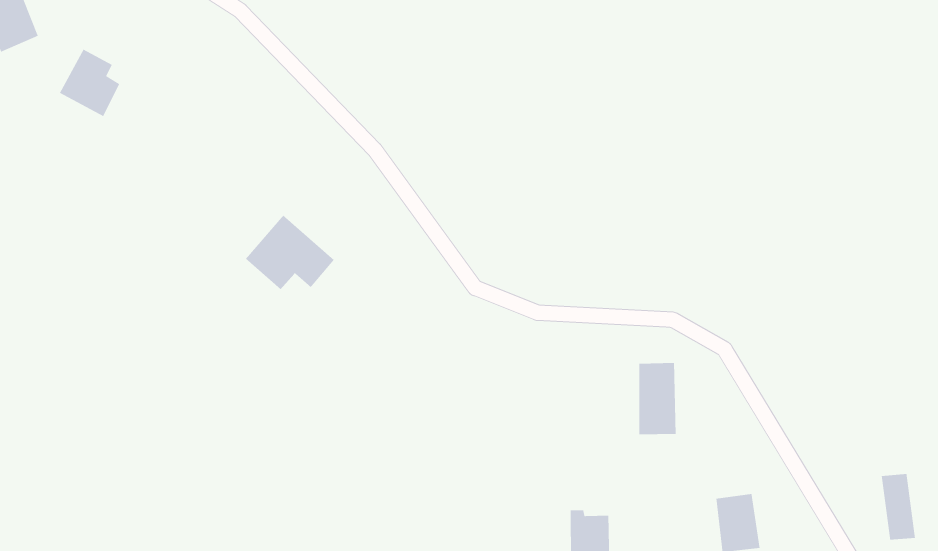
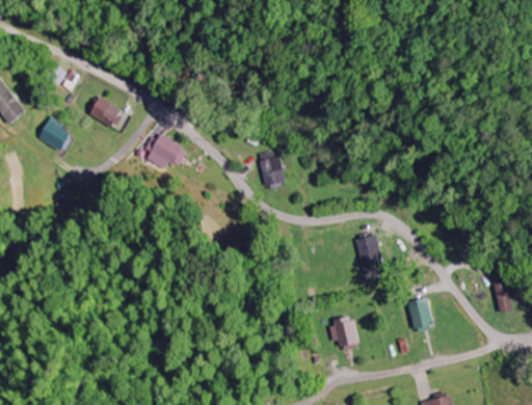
building: none -> [88,96,122,127]
building: none -> [261,151,285,185]
building: [245,214,335,290] -> [140,131,187,170]

